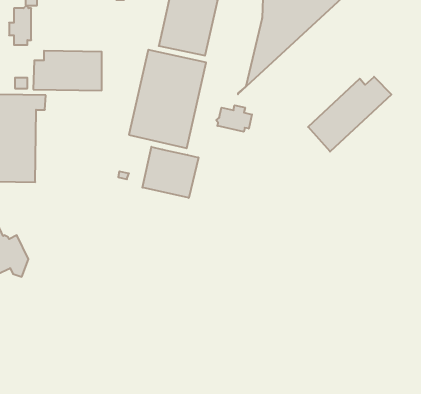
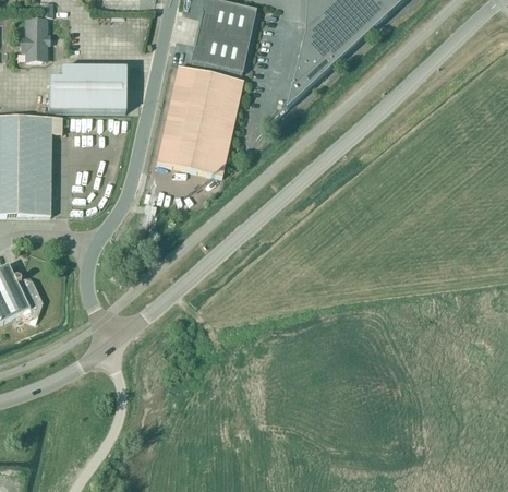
building: [308,77,391,152] -> none
building: [216,105,252,132] -> none
building: [142,147,198,198] -> none

